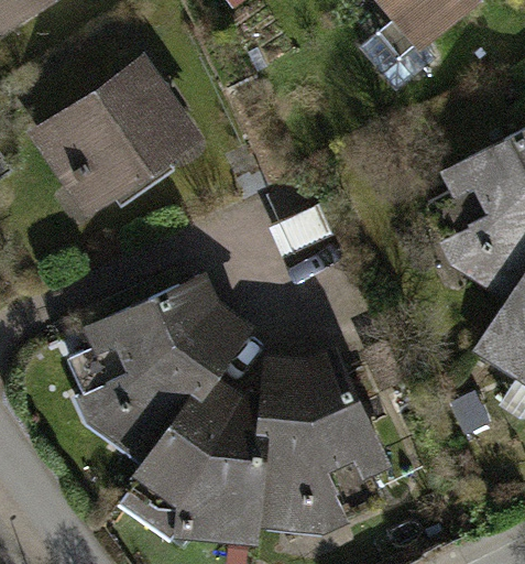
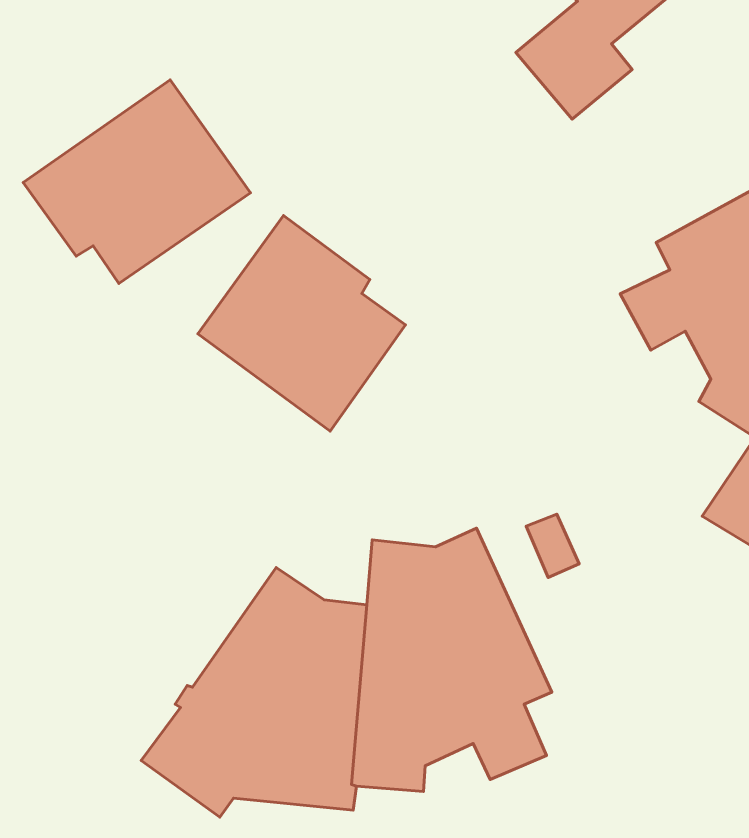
building: none -> [198,216,406,431]
building: [70,276,245,455] -> none

